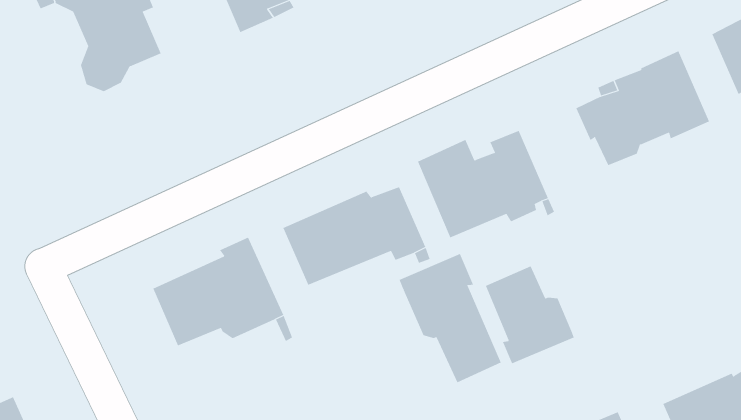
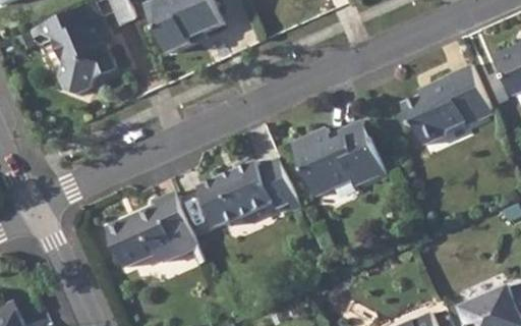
building: [399,253,501,383] -> none
building: [485,266,575,364] -> none

